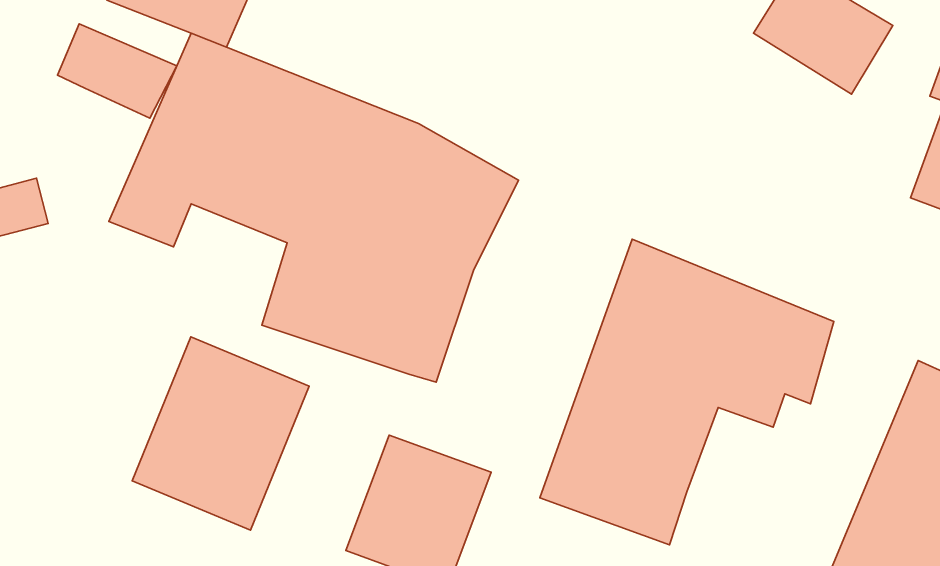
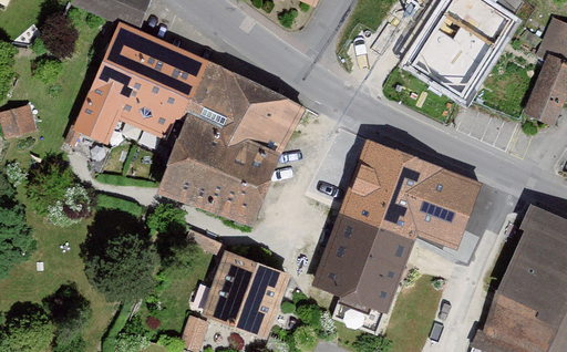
building: [58,24,177,118] -> none
building: none -> [411,23,492,100]
building: [132,337,309,530] -> none

